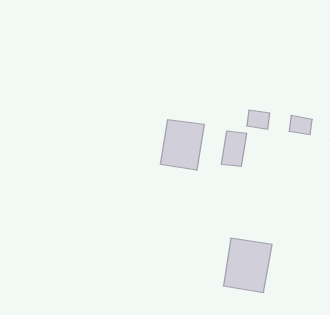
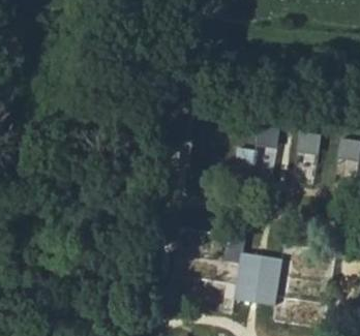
building: [161,120,204,170] -> none

